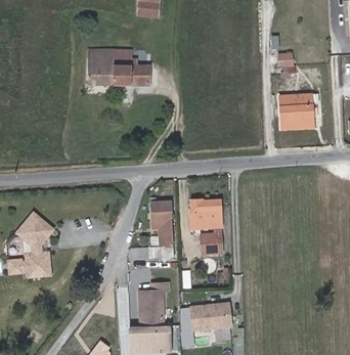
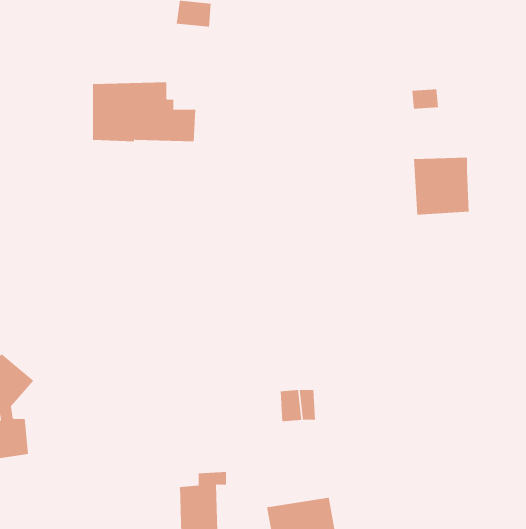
building: [189,199,221,228] -> none
building: [149,201,173,258] -> none

